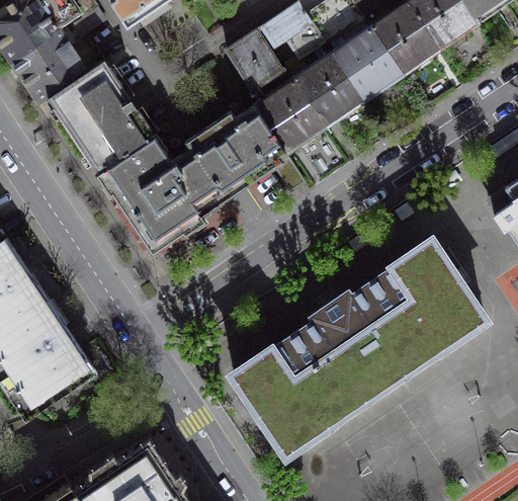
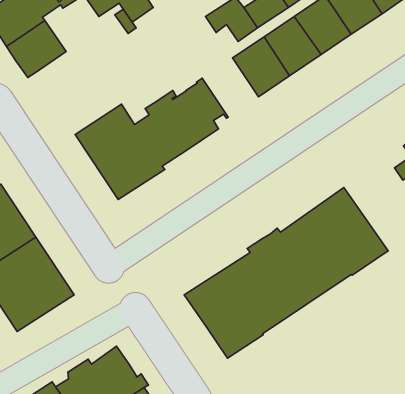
building: [226,28,283,89] -> none
building: [47,60,155,173] -> none
building: [255,78,325,152] -> none

